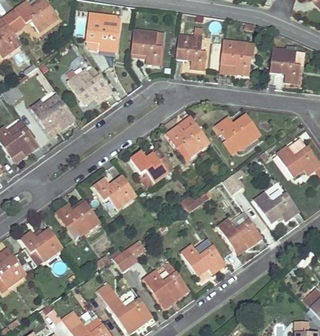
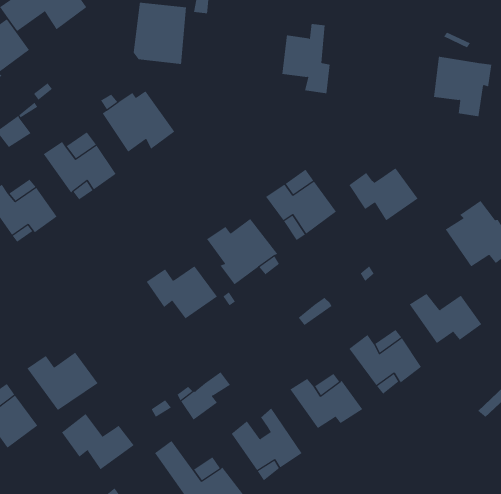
building: [130,29,161,65] -> none
building: [219,40,253,77] -> none
building: [57,201,100,238] -> none
building: none -> [61,413,134,470]

